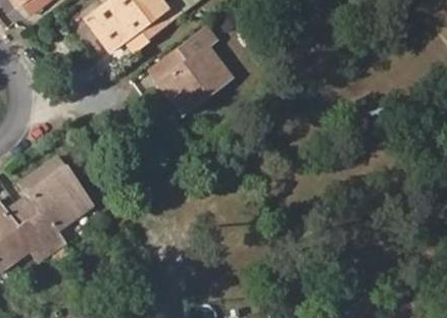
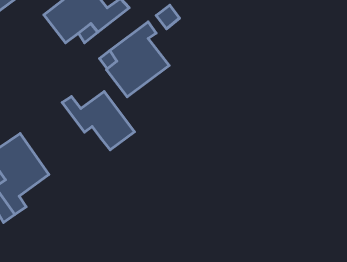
building: none -> [62,91,134,150]

